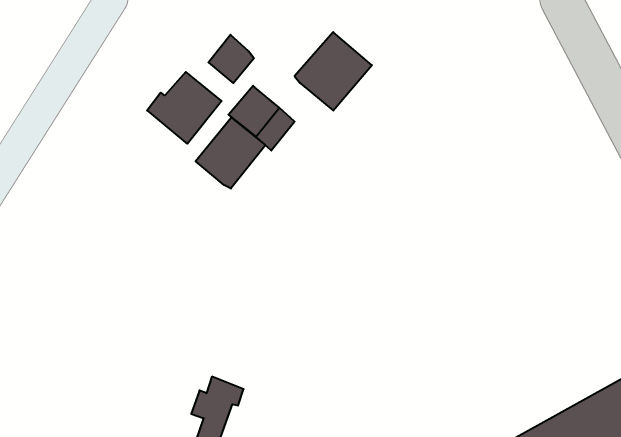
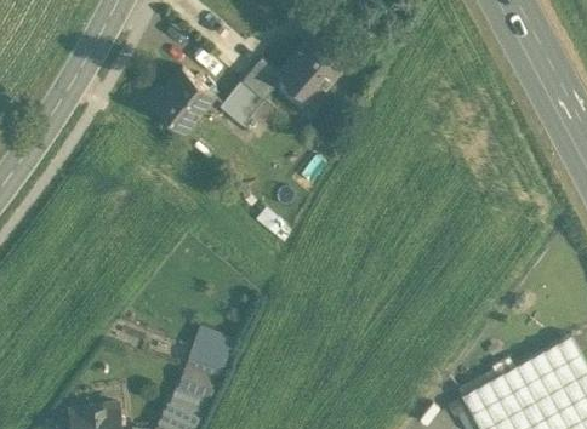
building: [208,35,254,83] -> [243,58,283,101]
building: [196,118,265,189] -> none

